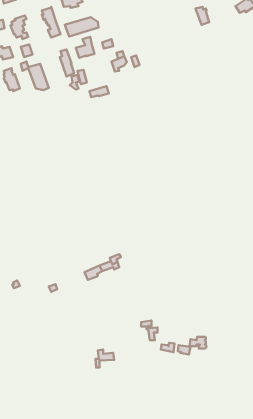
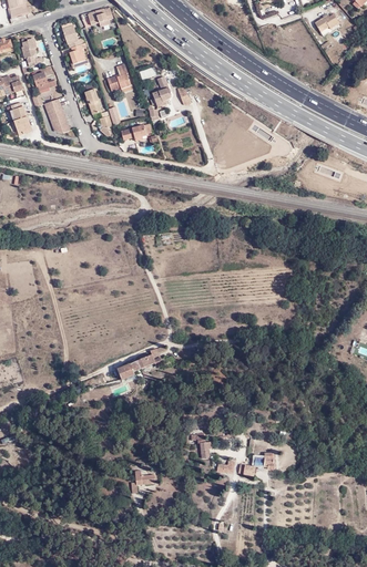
building: [65,17,99,36] -> none

